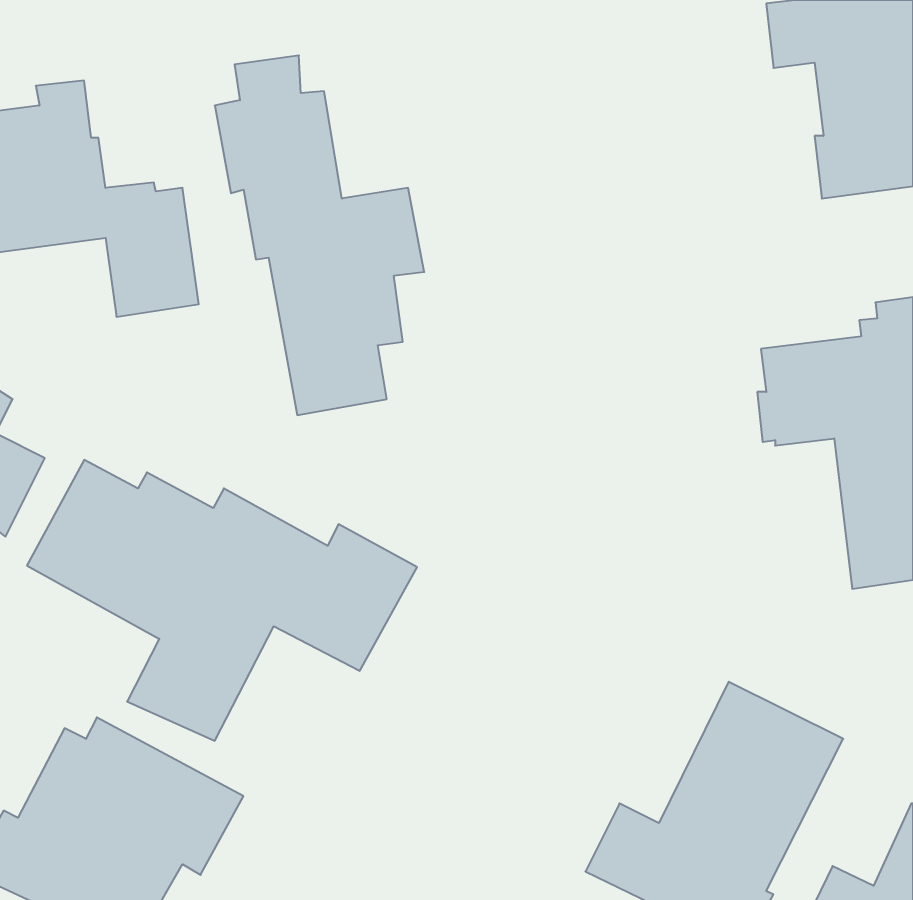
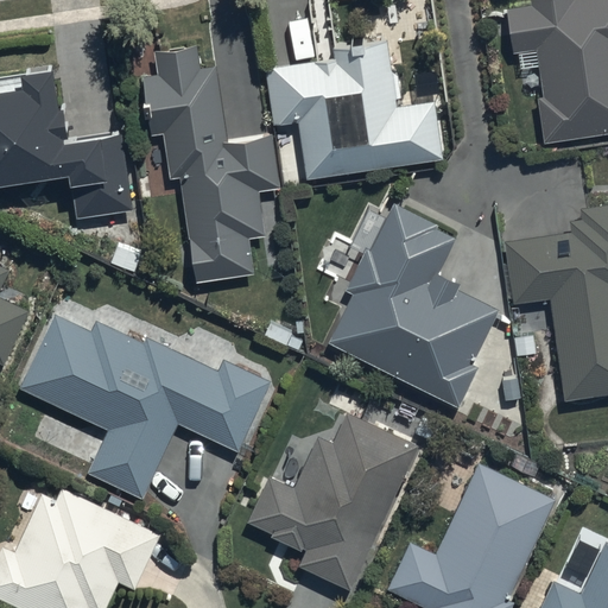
building: none -> [265,33,445,179]
building: none -> [324,203,499,407]
building: none -> [248,411,419,591]

